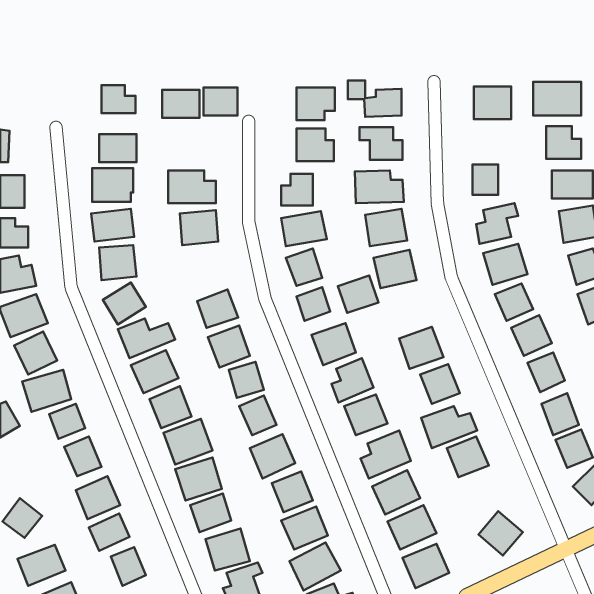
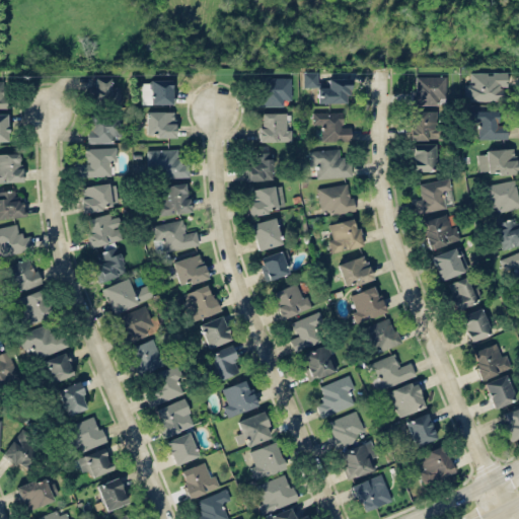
building: [204,87,237,115] -> [147,113,176,137]
building: none -> [412,112,441,140]
building: none -> [154,221,199,252]
building: [338,276,379,313] -> [339,255,374,288]
building: none -> [405,414,438,447]

